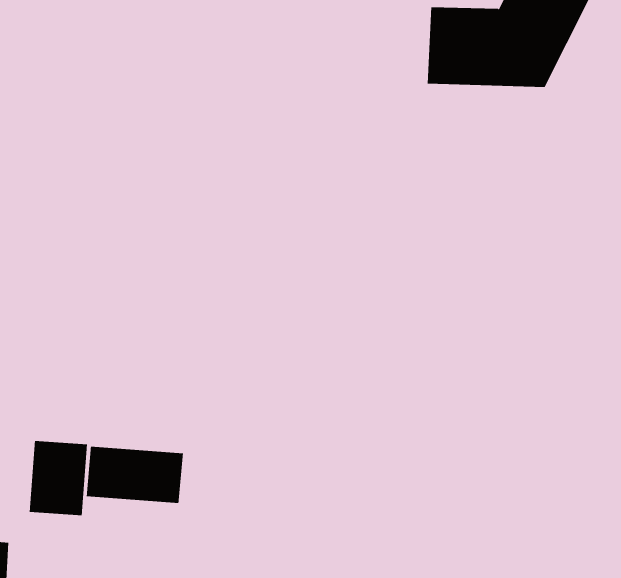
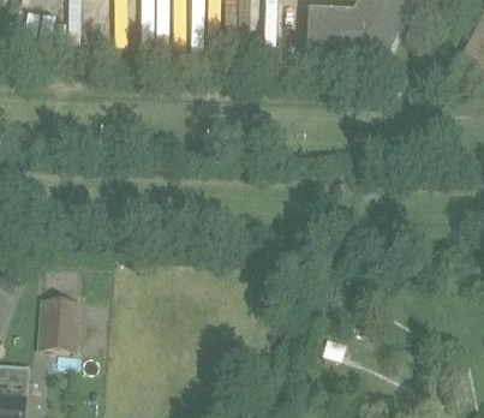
building: [86,446,183,504] -> none

